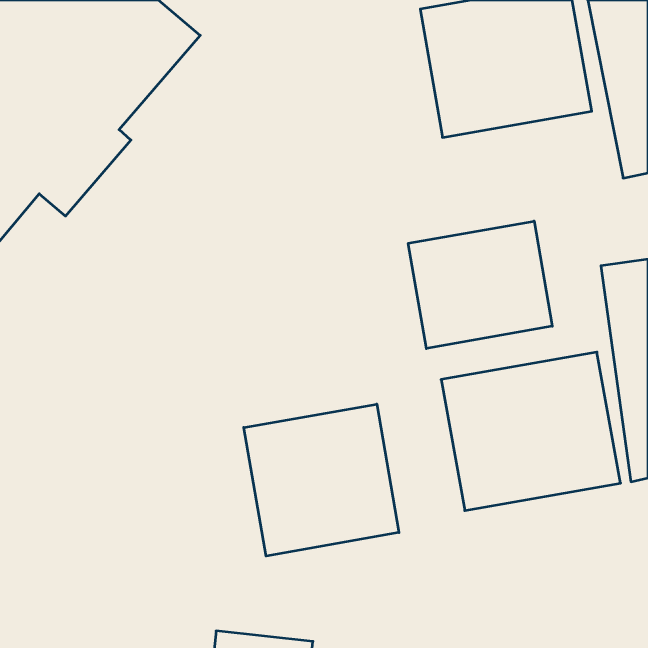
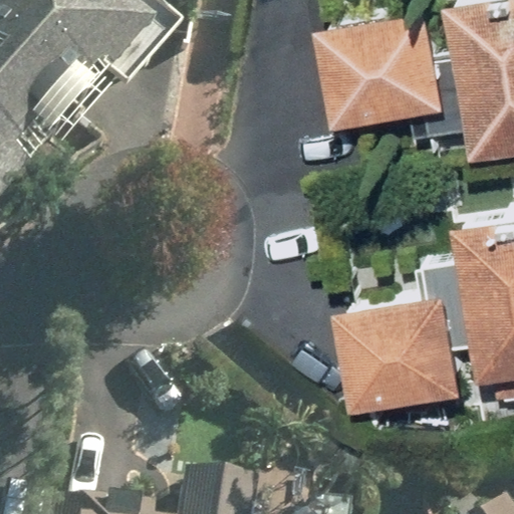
building: [408,221,552,349] -> none
building: [244,404,399,556] -> none

